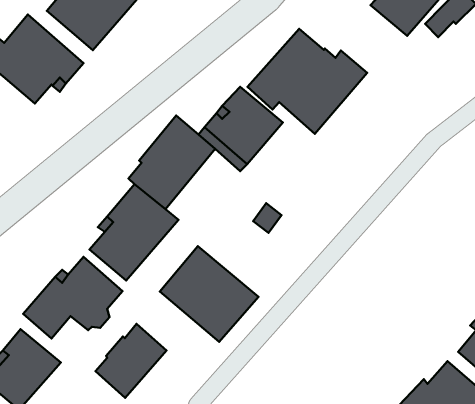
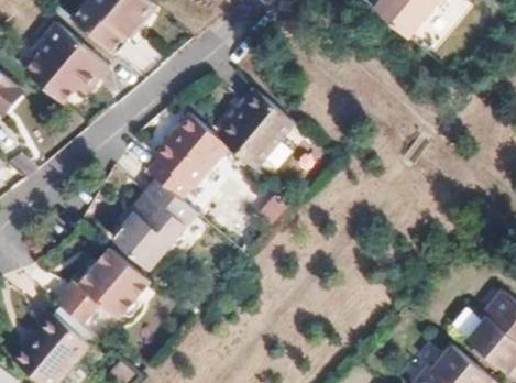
building: [247,29,367,134] -> none
building: [160,246,258,342] -> none
building: [95,324,166,398] -> none

